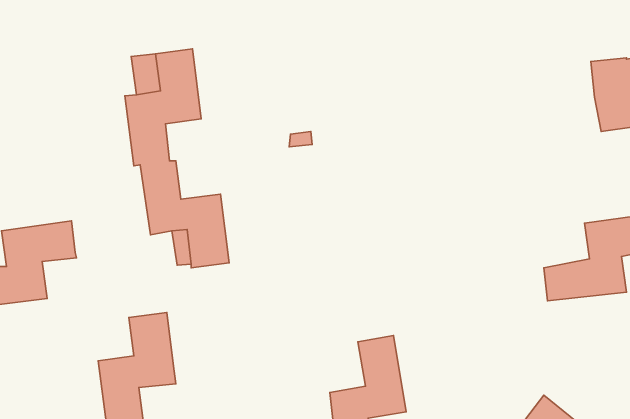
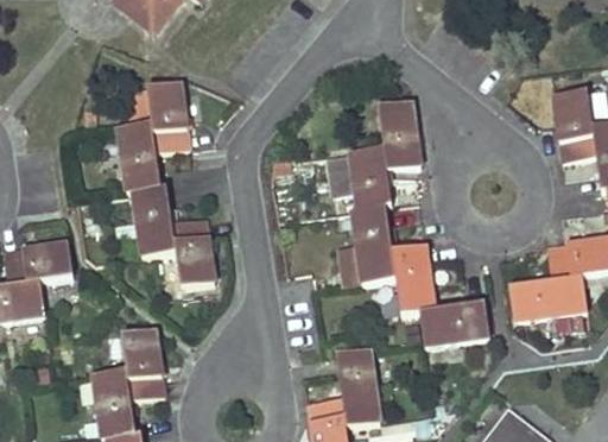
building: none -> [328,105,488,346]

